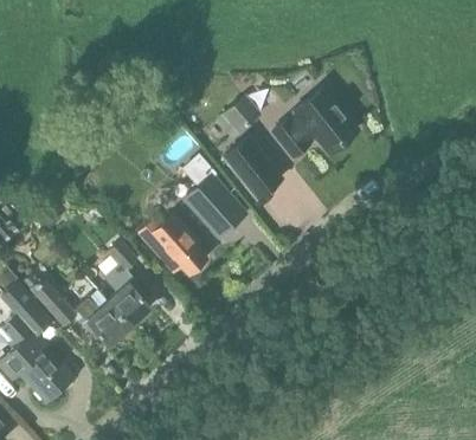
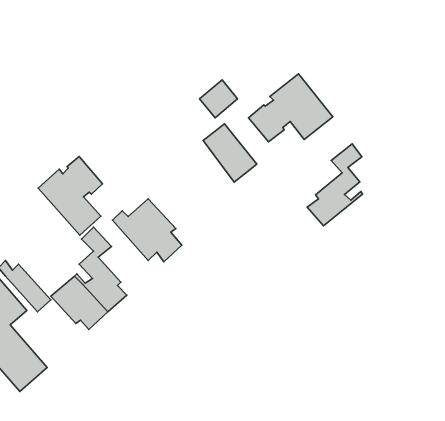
building: none -> [307,144,363,226]
building: none -> [38,157,102,235]
building: [184,175,237,239] -> none

